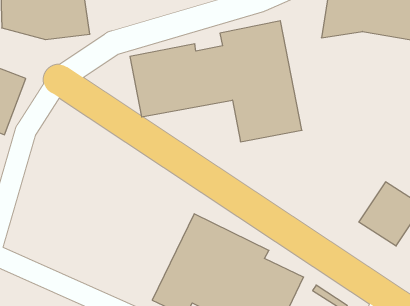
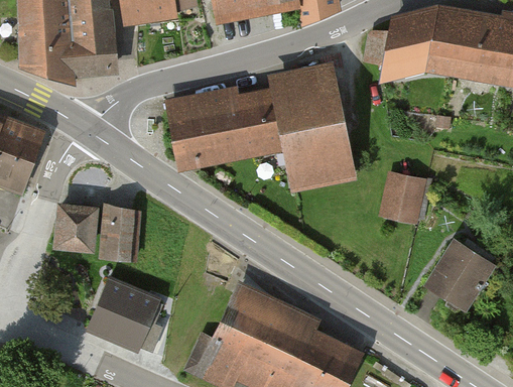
building: none -> [378,172,426,226]
building: none -> [54,205,99,254]
building: none -> [105,205,139,263]
building: none -> [88,280,162,353]

